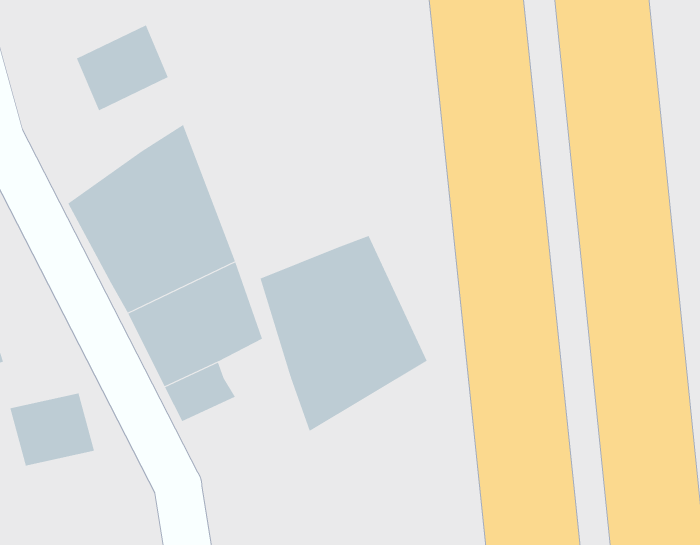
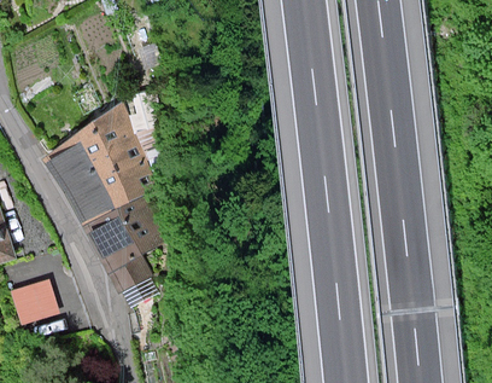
building: [76,24,169,111] -> none
building: [260,235,427,432] -> none

